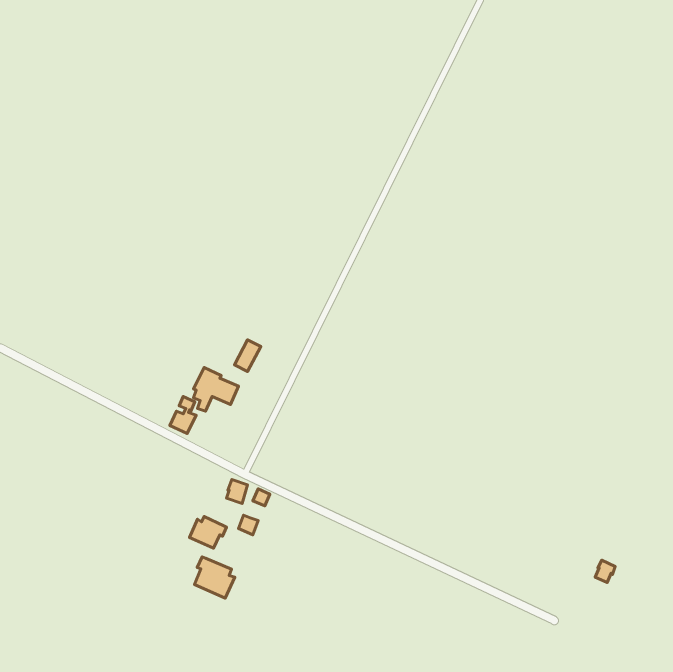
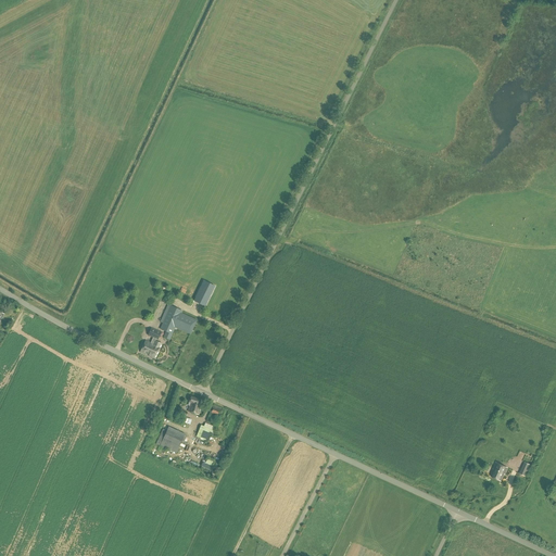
building: [195,557,235,598] -> none

